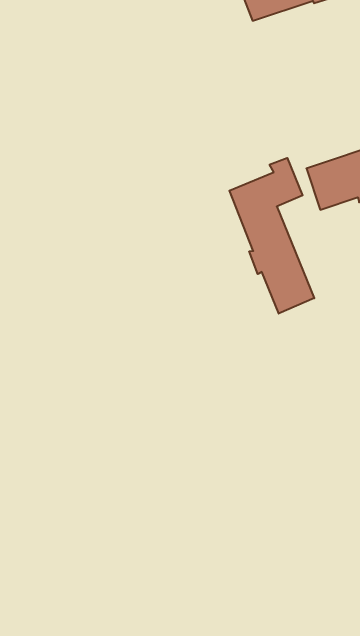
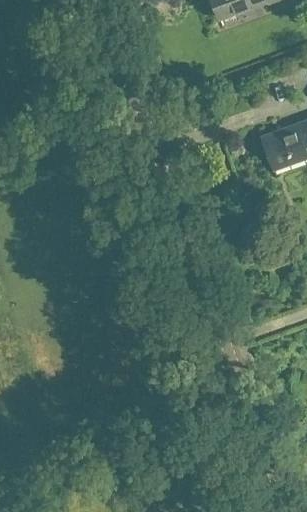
building: [229,158,314,314] -> none

